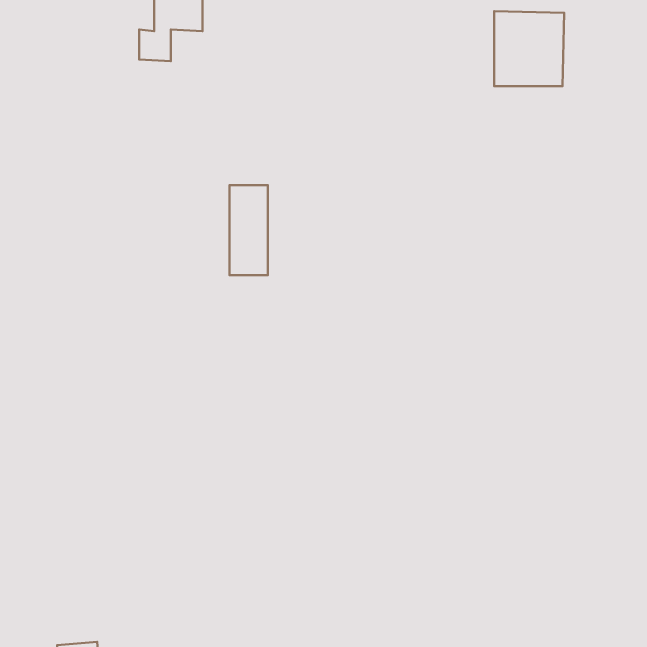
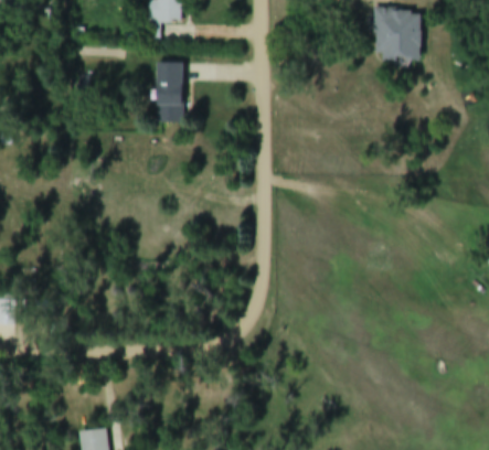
building: [230,185,268,275] -> [157,63,182,122]

